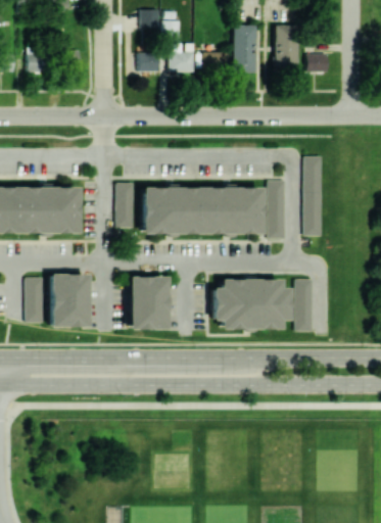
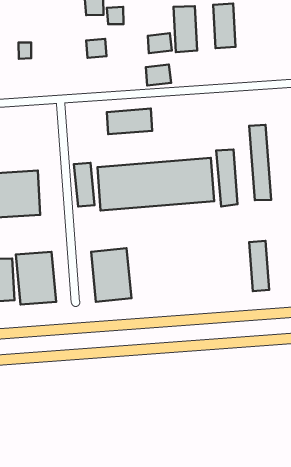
building: [170,52,195,73] -> [146,65,171,86]
building: [306,53,328,72] -> none
building: none -> [107,109,152,134]
building: [211,279,289,329] -> none

